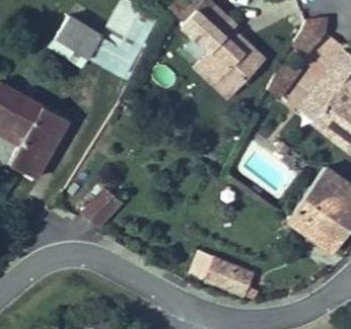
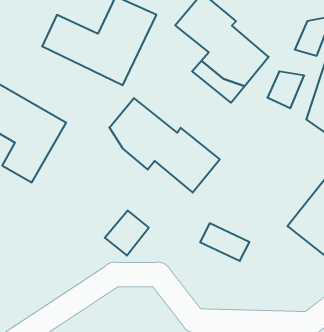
building: none -> [109,98,220,193]
building: [79,187,122,231] -> [105,211,149,256]
building: [199,258,247,295] -> [200,223,249,261]

